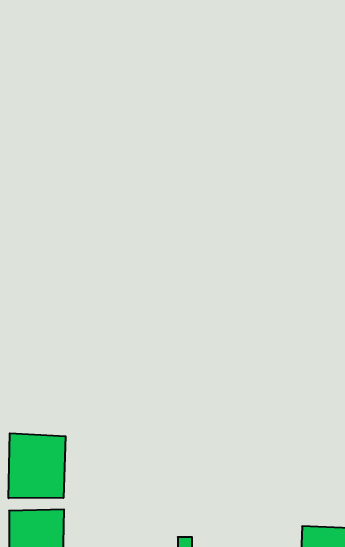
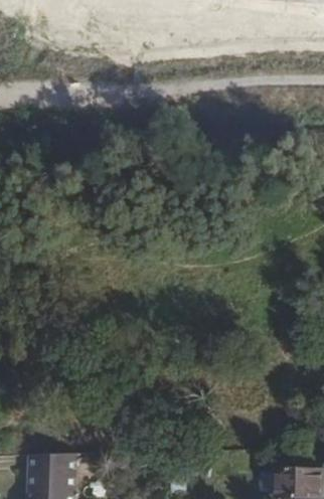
building: [9,433,66,498] -> none

